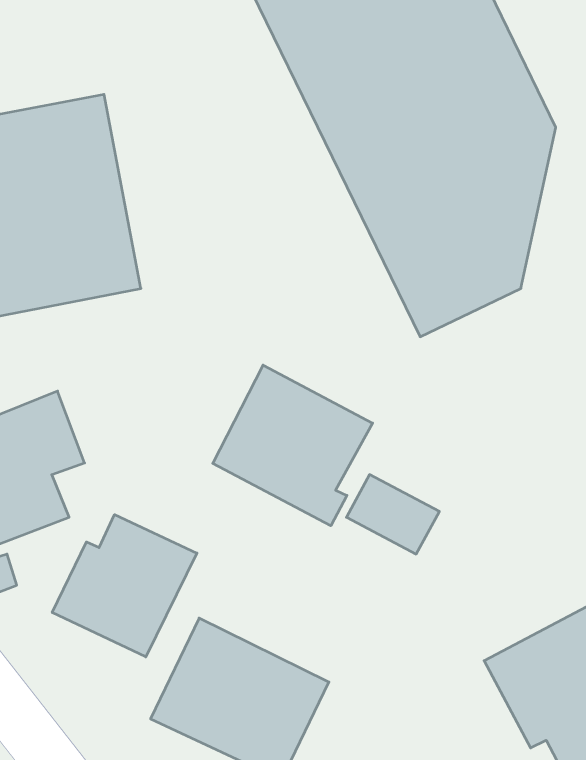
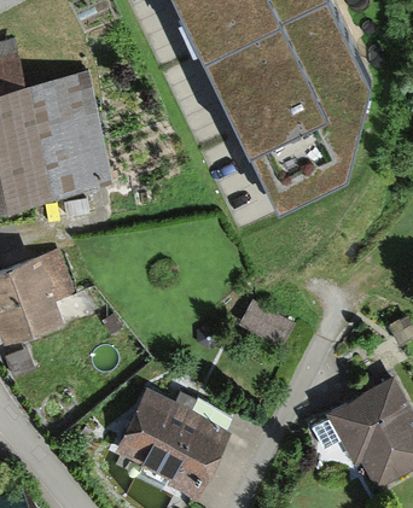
building: [213,365,373,526] -> none
building: [52,515,197,657] -> none

